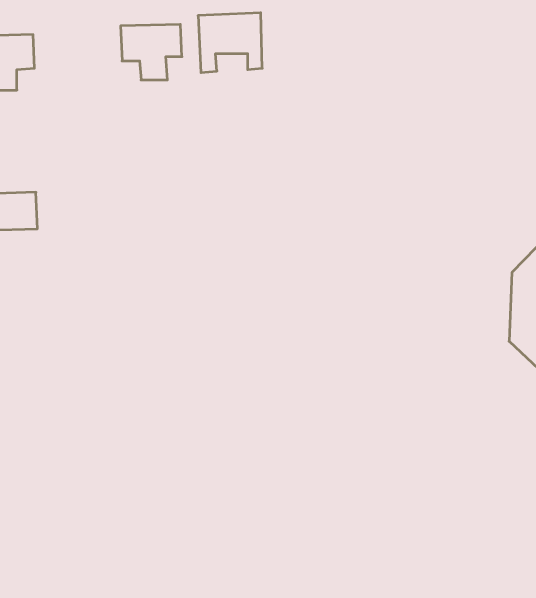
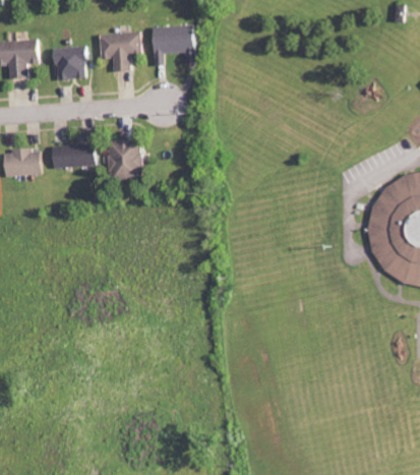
building: none -> [52,45,87,81]
building: none -> [109,140,143,180]
building: none -> [52,144,96,167]

